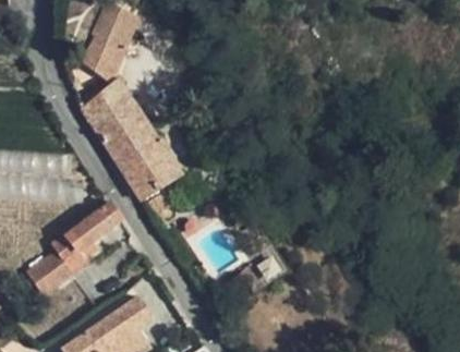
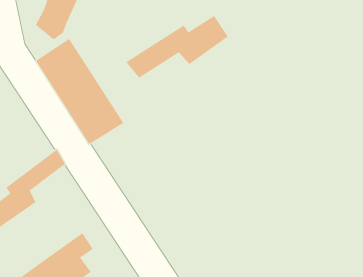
building: none -> [125,15,229,79]

